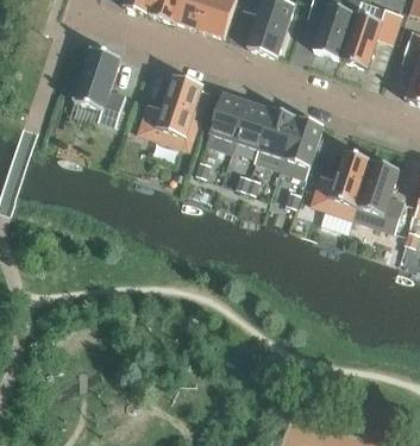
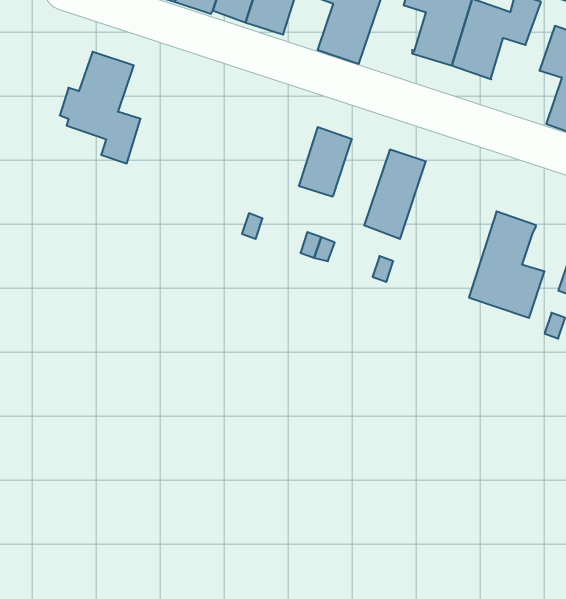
building: [137,74,202,146] -> none
building: [206,92,247,151] -> none
building: [253,106,297,168] -> none
building: [309,150,371,218] -> none

